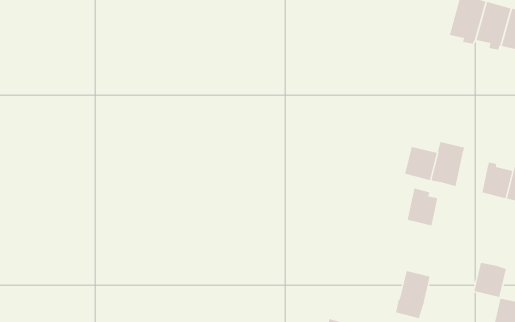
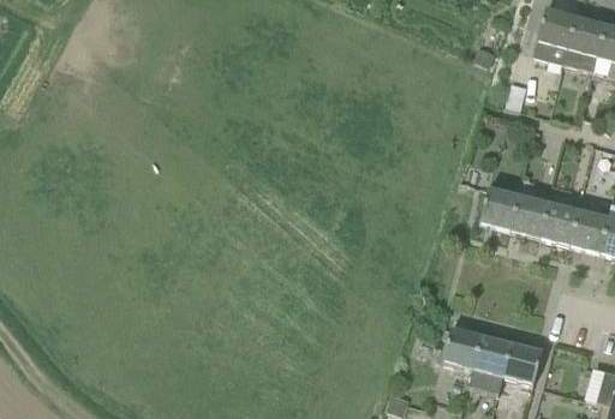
building: [407,188,438,226] -> [542,198,579,244]
building: [473,261,507,298] -> [503,342,543,385]
building: none -> [443,327,483,369]

